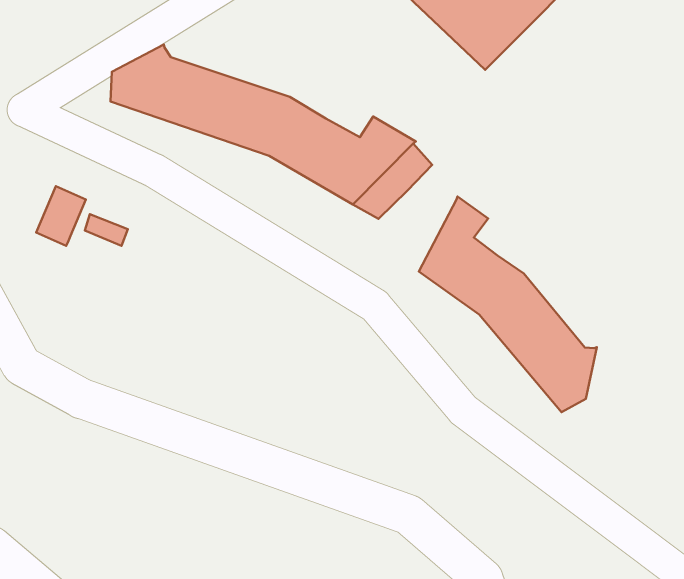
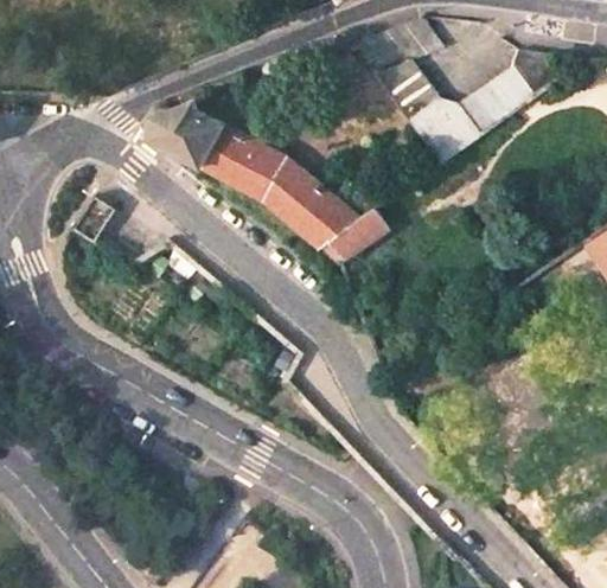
building: [419,196,597,412] -> none

